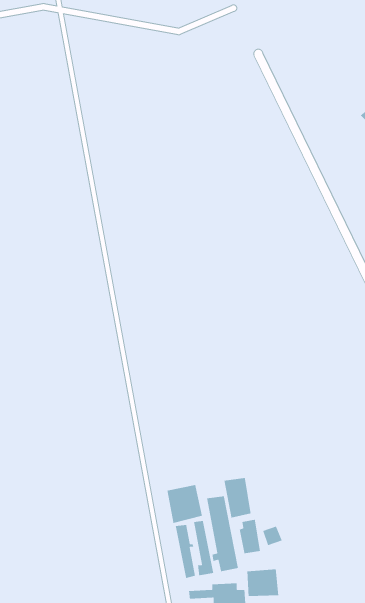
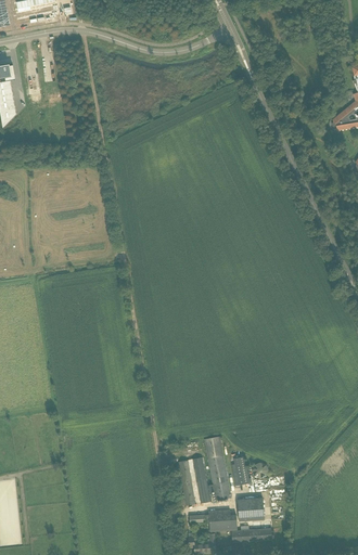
building: [224,477,251,518] -> none
building: [166,484,203,524] -> none

